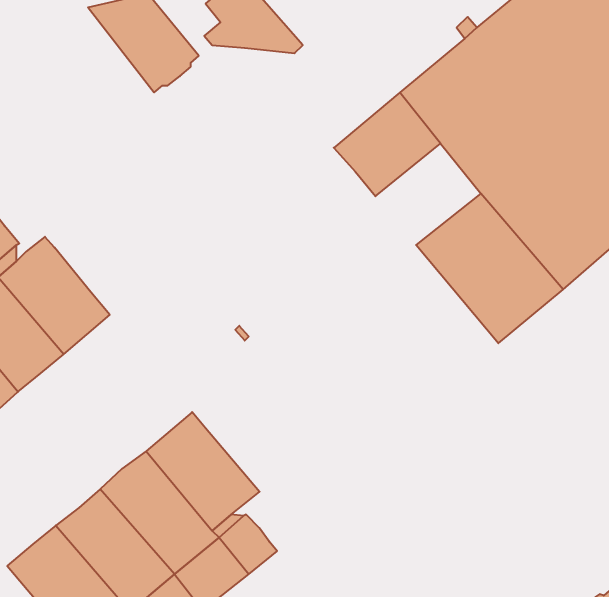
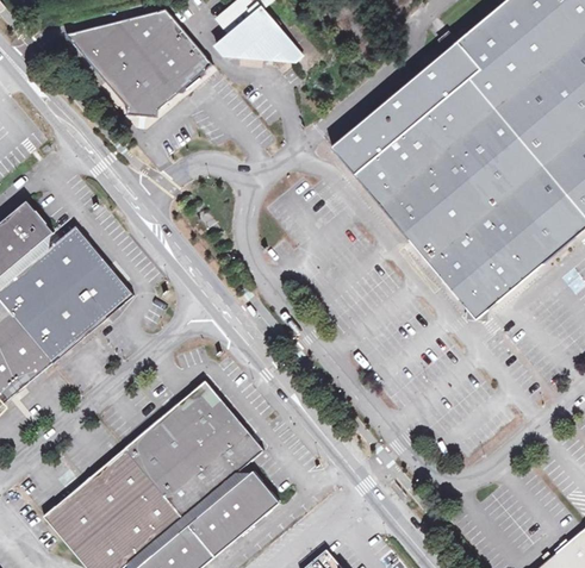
building: none -> [67,23,173,118]
building: none -> [368,143,461,232]

